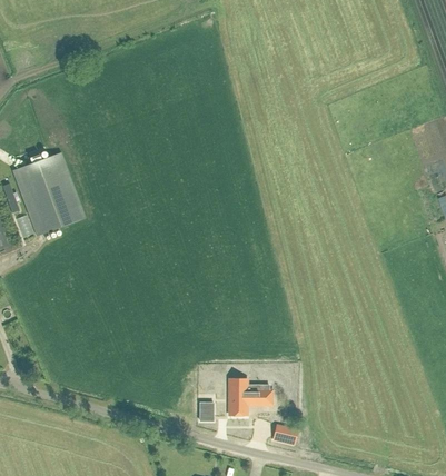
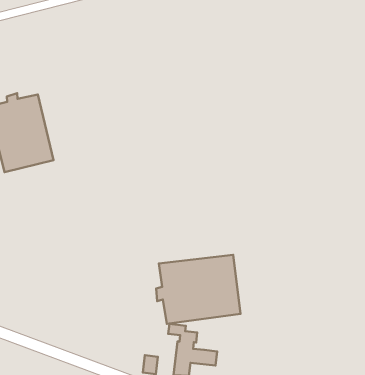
building: none -> [156,255,240,324]

